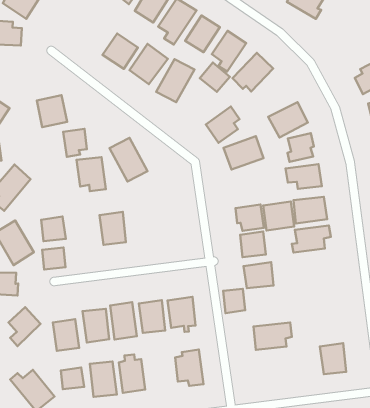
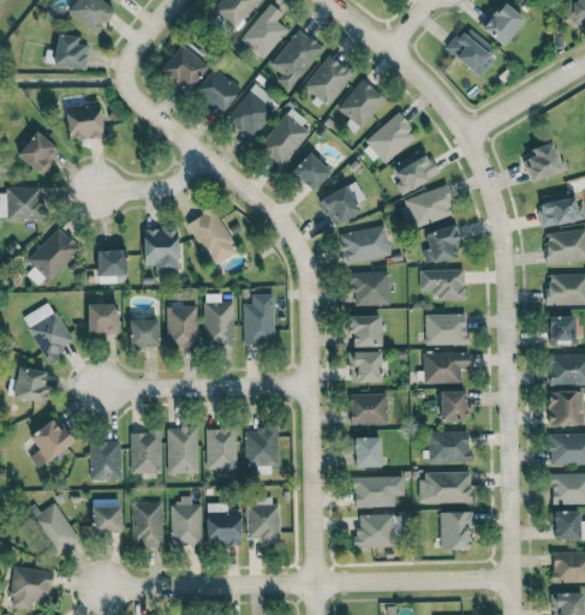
building: none -> [162,46,209,91]
building: [200,62,230,92] -> [293,151,333,191]
building: none -> [393,153,440,193]
building: [37,95,67,127] -> [67,101,105,141]
building: [63,129,87,157] -> [99,249,127,283]
building: none -> [244,293,275,344]
building: [263,202,294,230] -> [352,270,390,305]
building: none -> [204,301,235,347]
building: [42,247,66,269] -> [131,320,160,346]
building: none -> [441,389,472,420]
building: none -> [430,431,471,461]
building: [223,289,245,313] -> [356,437,382,467]
building: none -> [419,472,473,502]
building: none -> [357,513,395,547]
building: none -> [208,503,243,545]

